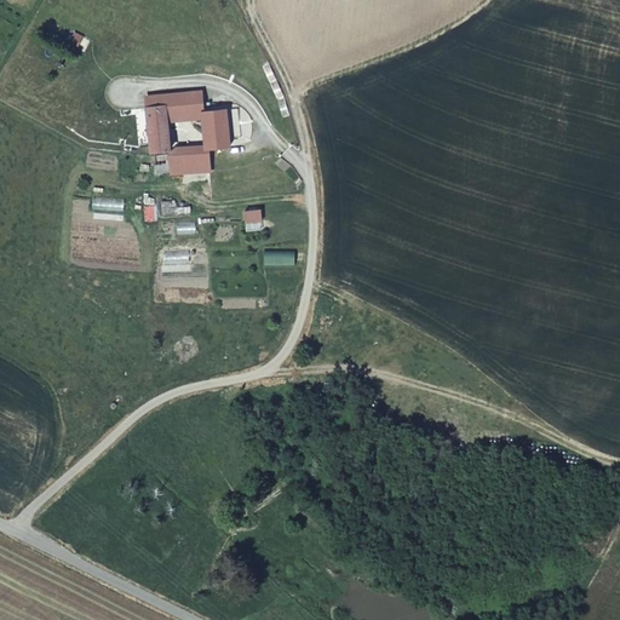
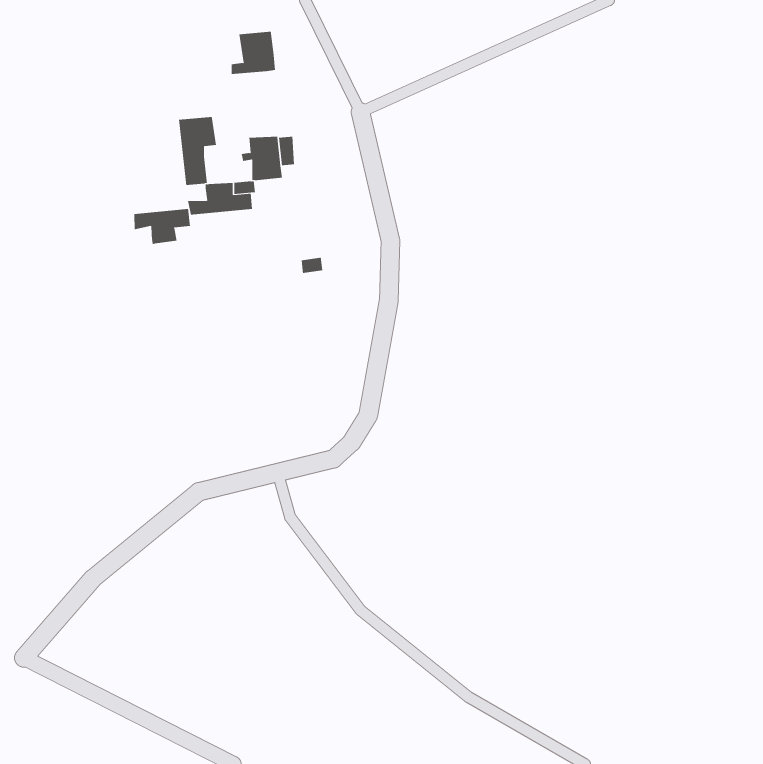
building: [167,92,203,127] -> [231,31,276,75]
building: none -> [134,208,190,245]

